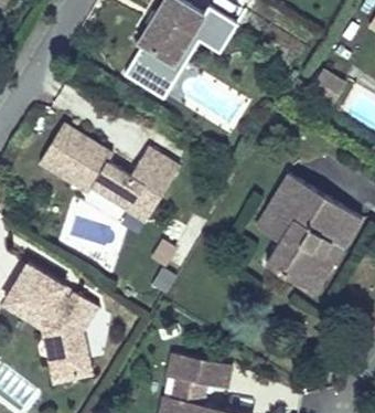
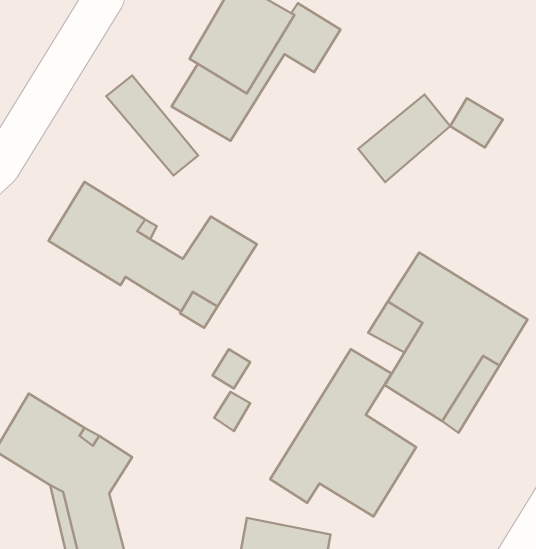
building: none -> [106,76,198,175]
building: none -> [358,94,450,182]
building: none -> [270,349,416,517]

